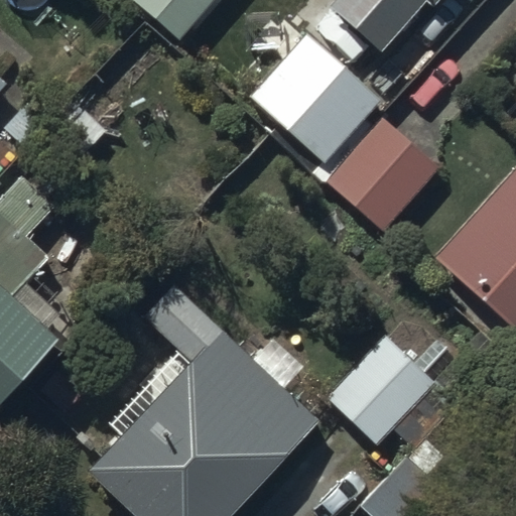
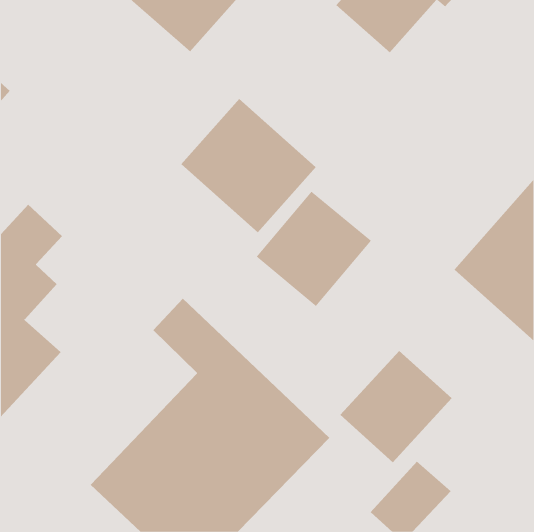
building: [250,30,381,160] -> [181,98,316,233]
building: [329,118,440,230] -> [256,191,372,307]

